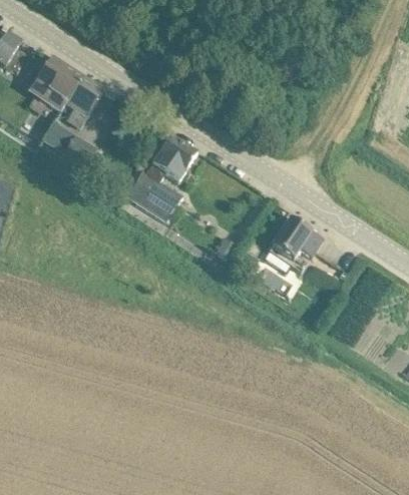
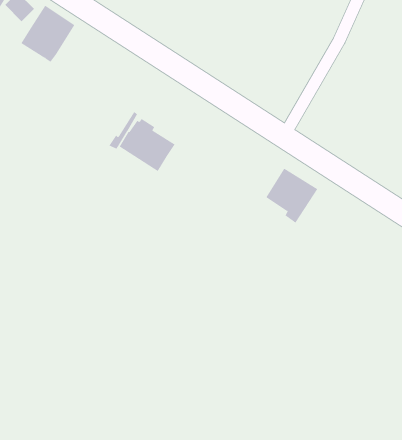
building: [64,76,103,127] -> none
building: [43,123,96,166] -> none
building: [147,134,196,180] -> none

